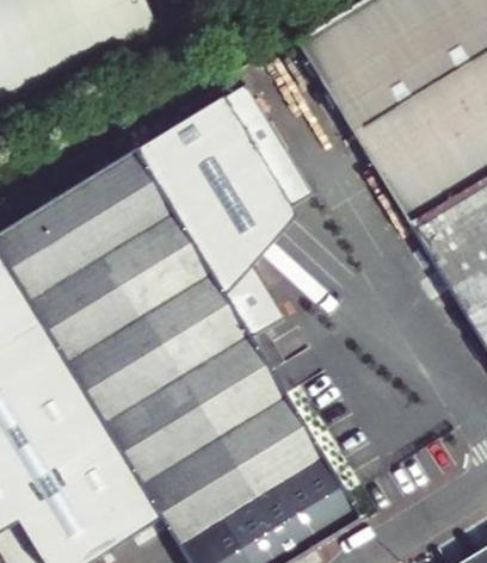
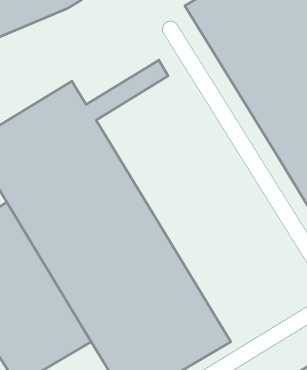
building: [135,83,314,338] -> none

